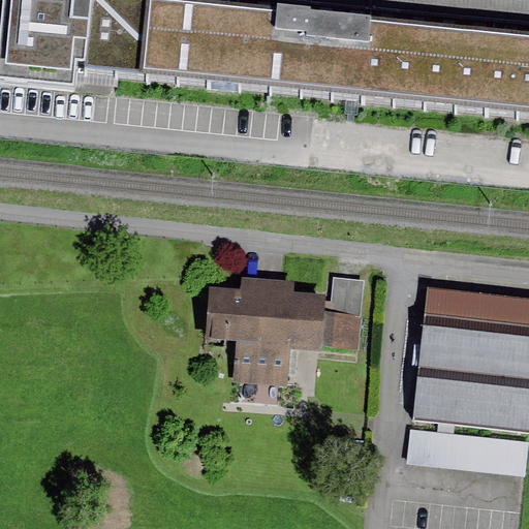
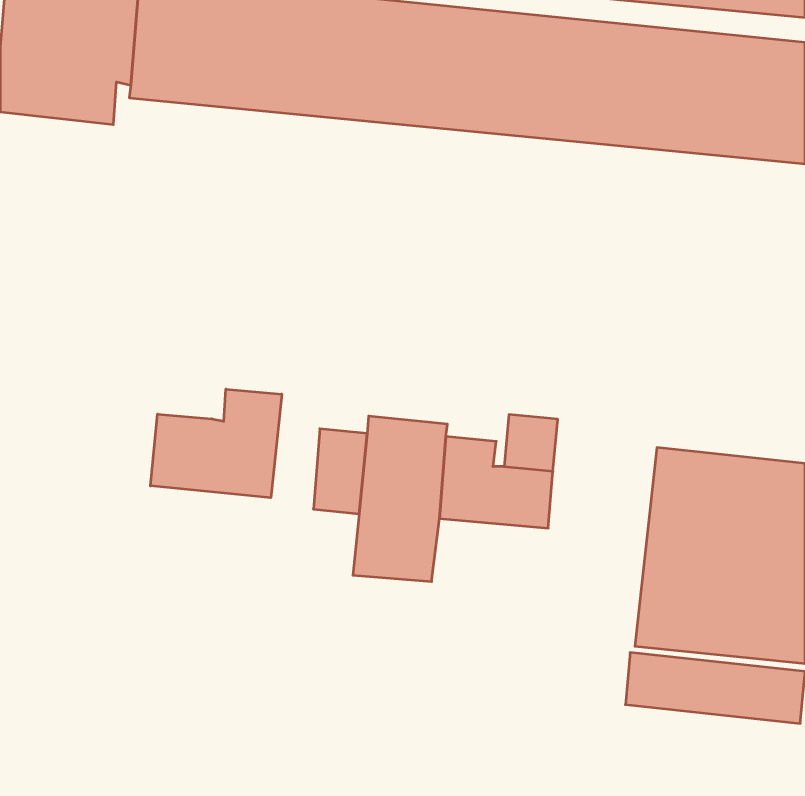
building: none -> [150,389,282,498]

